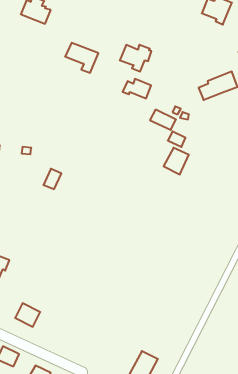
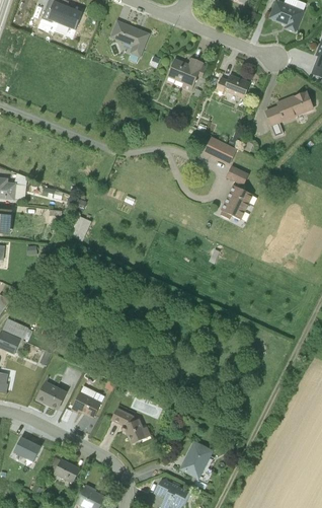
building: [65,43,98,73] -> [108,19,150,57]
building: [123,79,151,98] -> [215,74,250,98]
building: none -> [70,391,101,418]
building: none -> [110,407,151,444]

